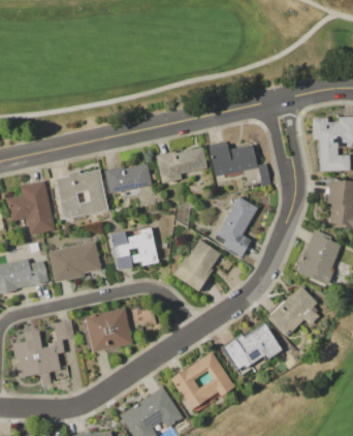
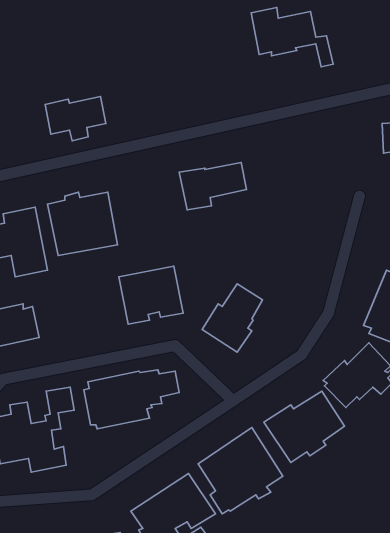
building: [208,141,271,186] -> [251,8,333,67]
building: [105,163,152,197] -> [45,97,106,141]
building: [214,196,258,255] -> none
building: [49,241,102,282] -> none

